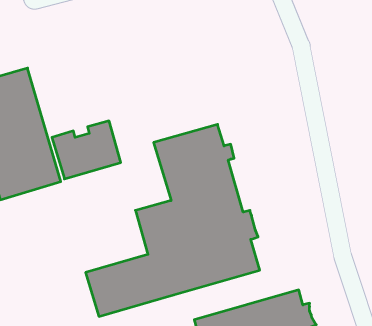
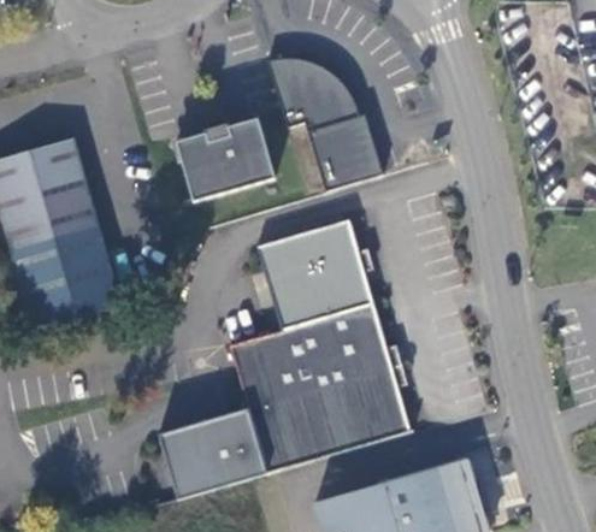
building: none -> [269,57,383,191]
building: [52,121,121,179] -> [175,117,275,201]

